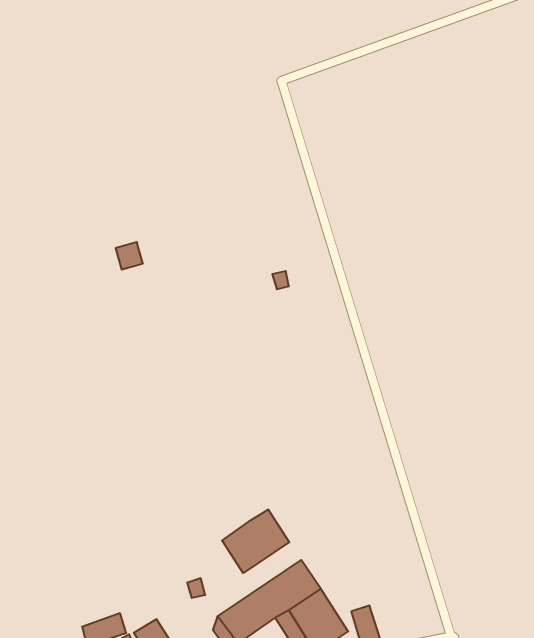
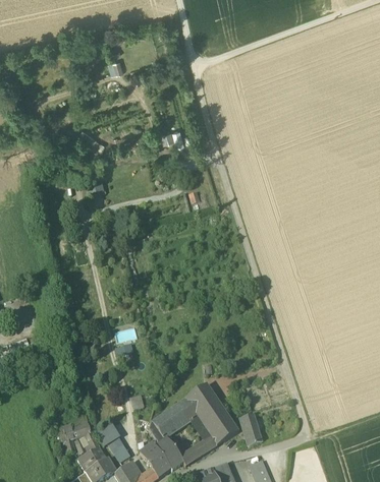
building: [222,509,289,573] -> none

